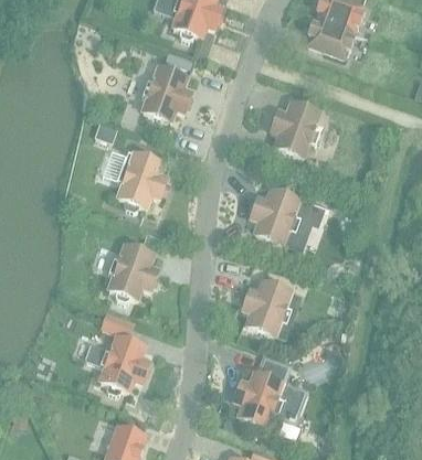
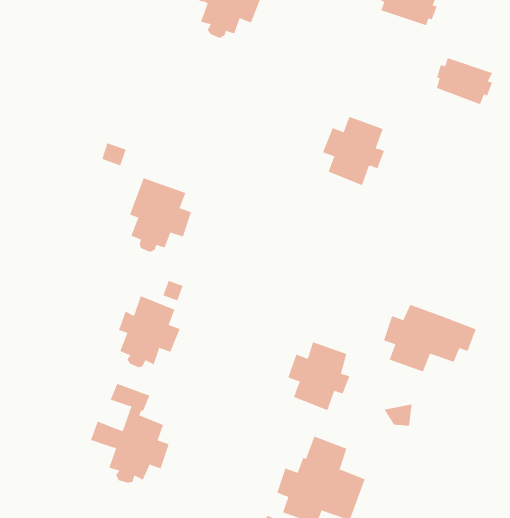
building: [308,18,354,55] -> [436,57,493,105]
building: [141,66,191,120] -> none
building: [251,189,325,243] -> [383,304,476,372]

